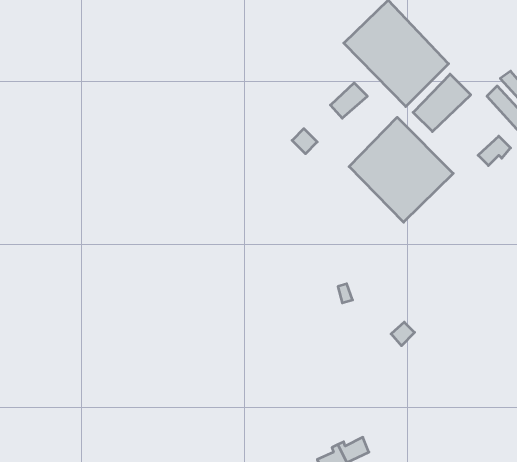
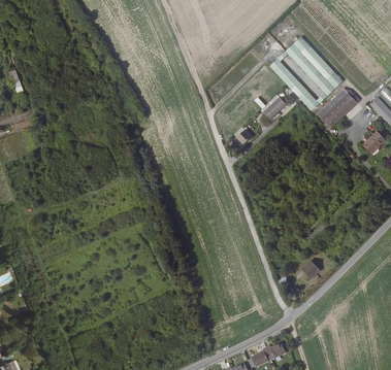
building: [349,117,453,222] -> none

